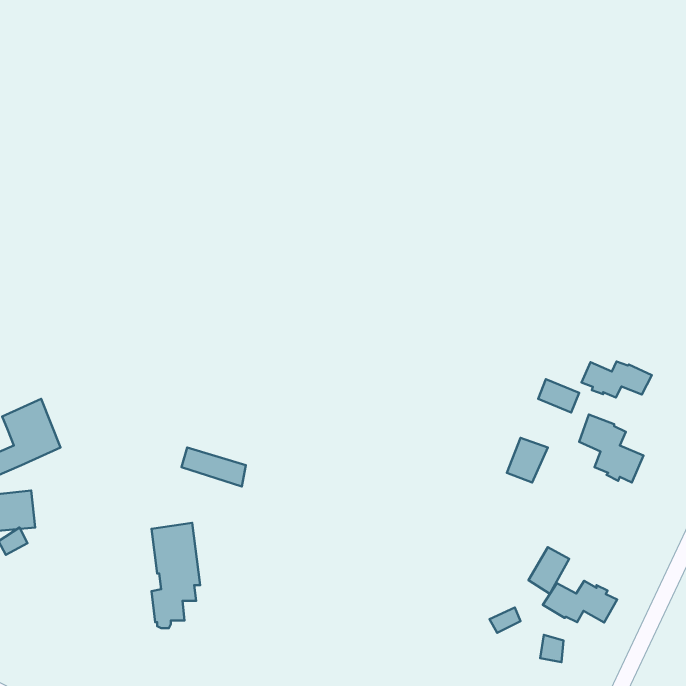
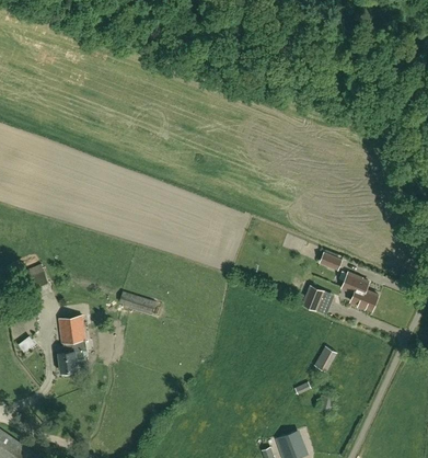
building: [582,361,652,398] -> none
building: [151,523,200,628] -> [59,314,86,374]
building: [543,581,617,623] -> none

